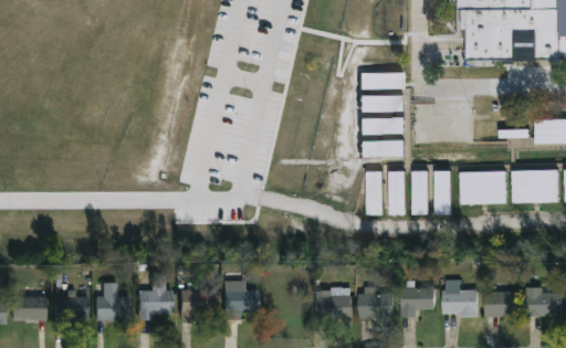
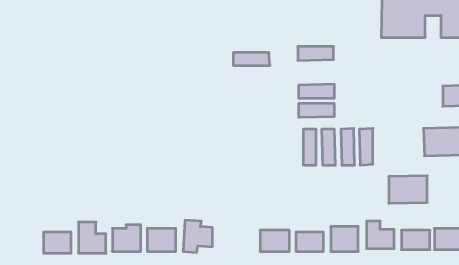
building: [360,95,405,110] -> [233,53,270,65]
building: [460,171,506,204] -> [389,176,427,203]
building: [11,297,45,320] -> none

